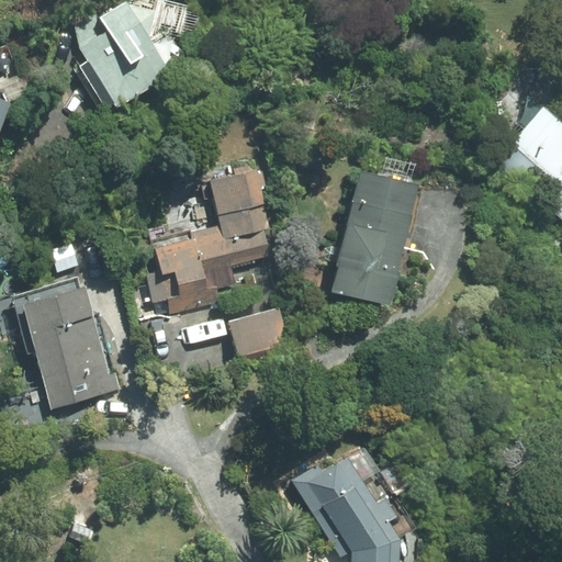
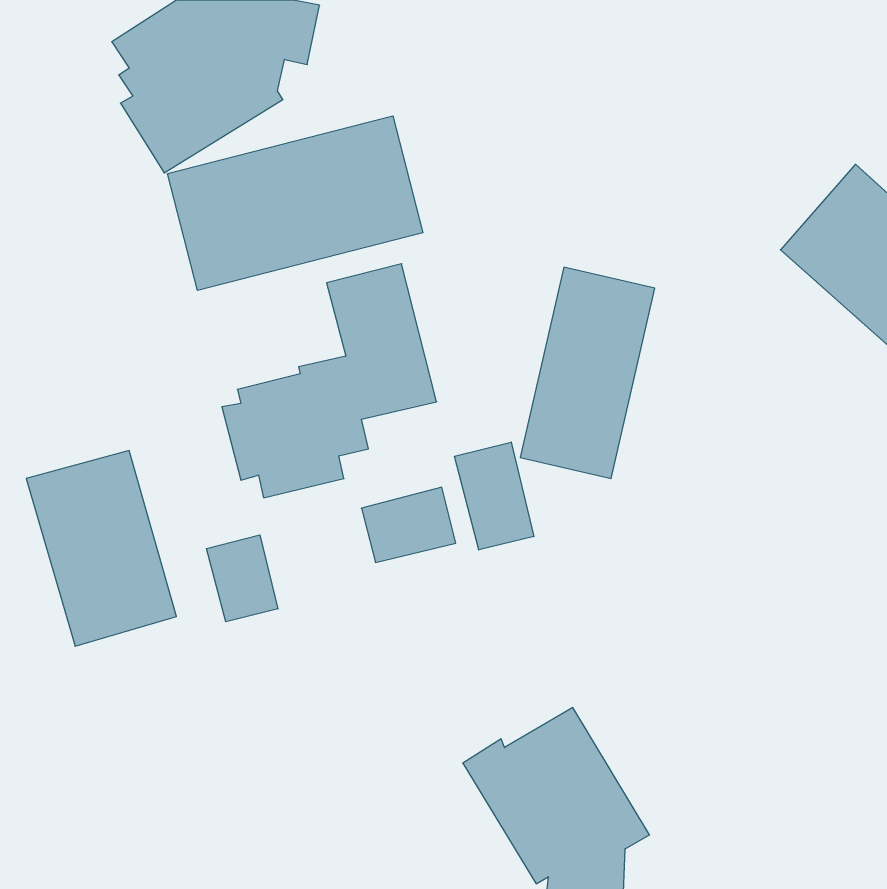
building: none -> [168,116,423,290]
building: none -> [455,442,534,550]
building: none -> [206,535,278,622]

